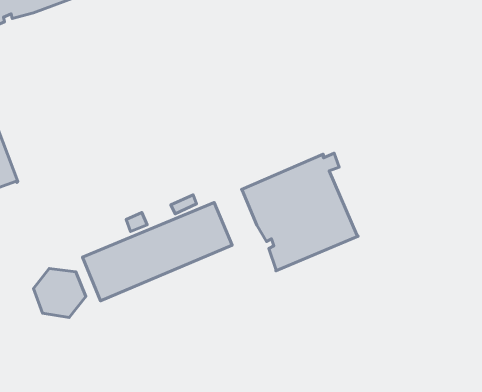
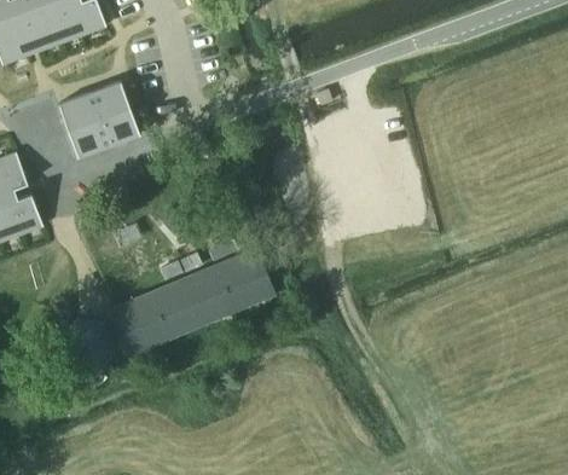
building: none -> [57,81,139,157]
building: [241,153,358,271] -> none

